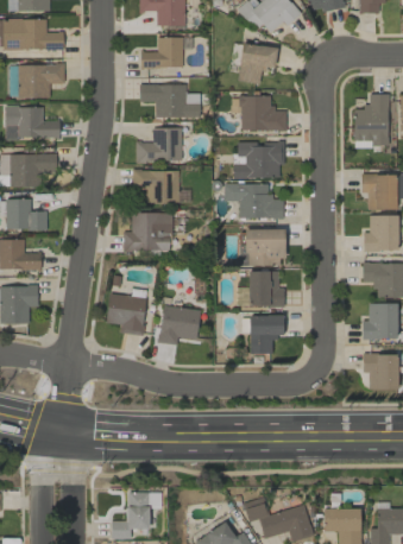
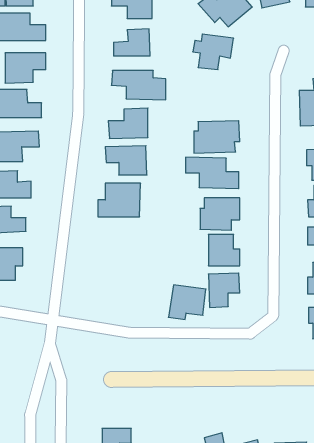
building: [232,96,286,131] -> none
building: [106,293,147,335] -> none
building: [158,305,201,344] -> [168,285,206,319]

